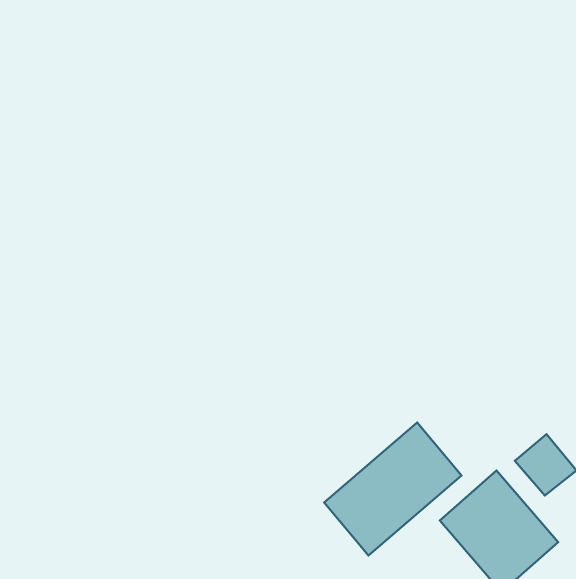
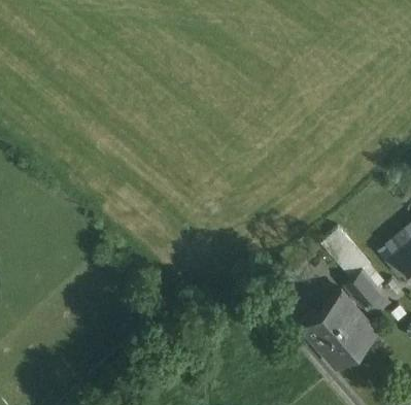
building: [324,423,461,555] -> none

